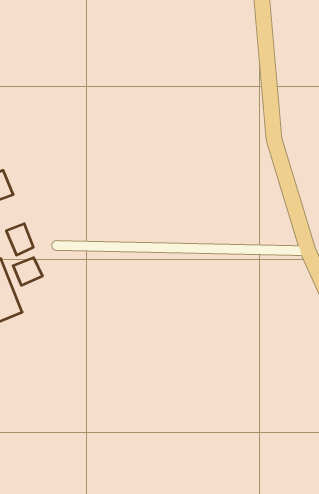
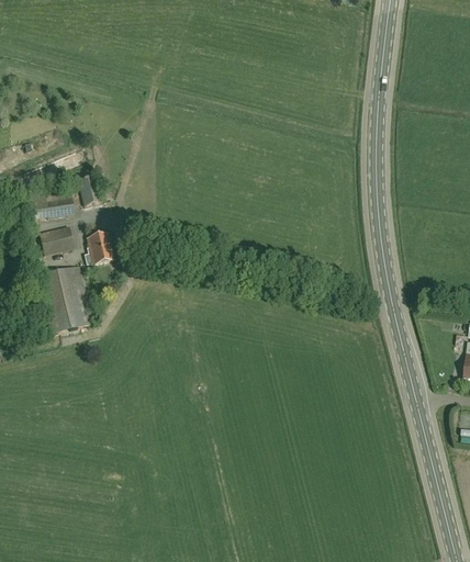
building: [13,258,42,285] -> none

